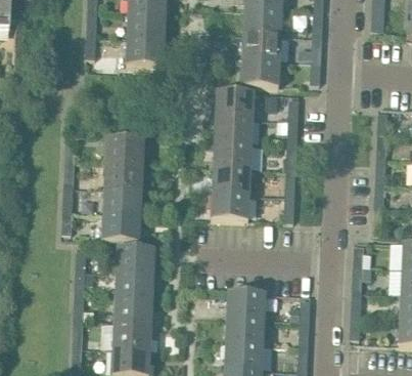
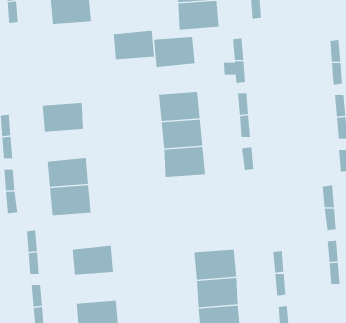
building: [215,113,253,139] -> [113,30,155,60]
building: [104,159,142,186] -> none
building: [117,243,154,270] -> none
building: [113,294,152,322] -> none

